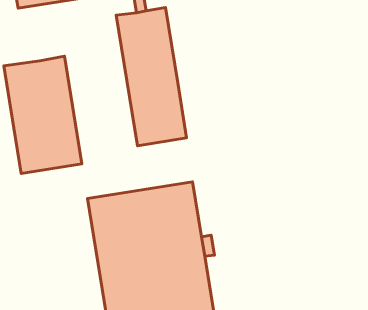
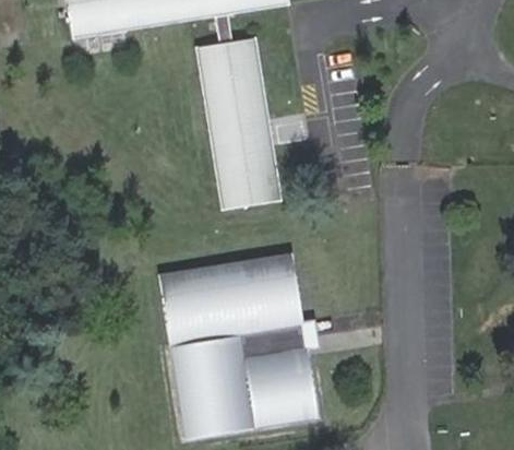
building: [4,56,82,173] -> none

